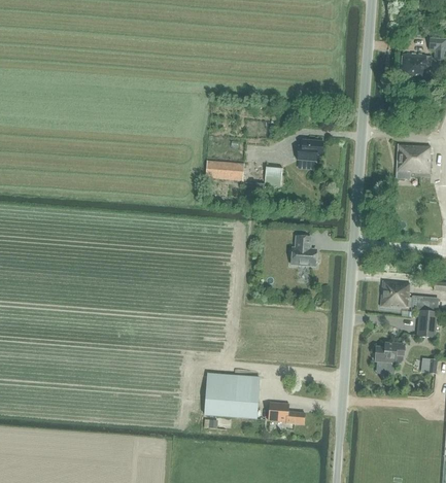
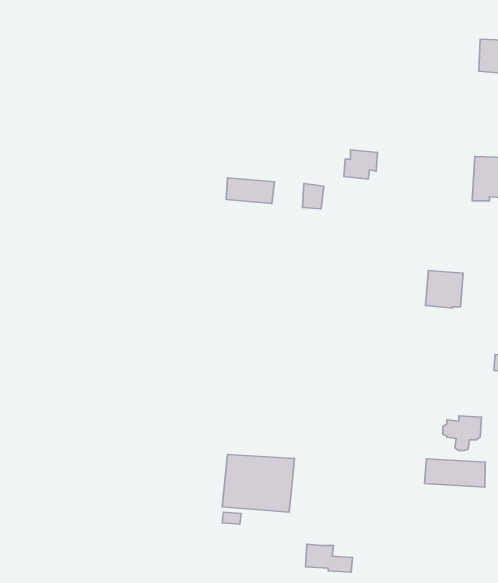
building: [290,235,317,265] -> none
building: [380,279,409,308] -> [426,271,463,308]
building: none -> [424,459,485,487]
building: [267,402,303,423] -> [306,544,352,572]

